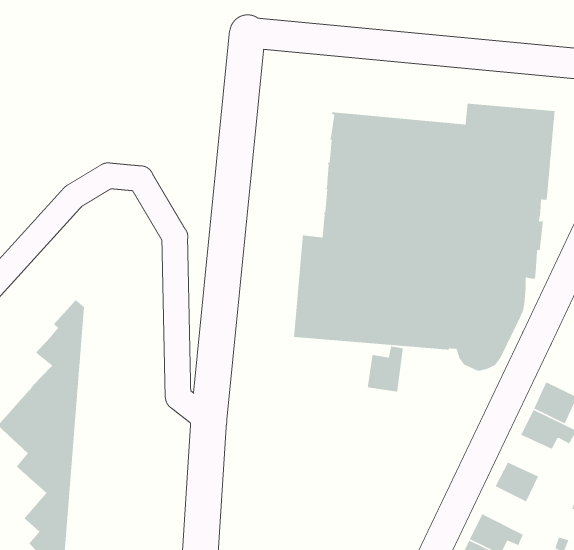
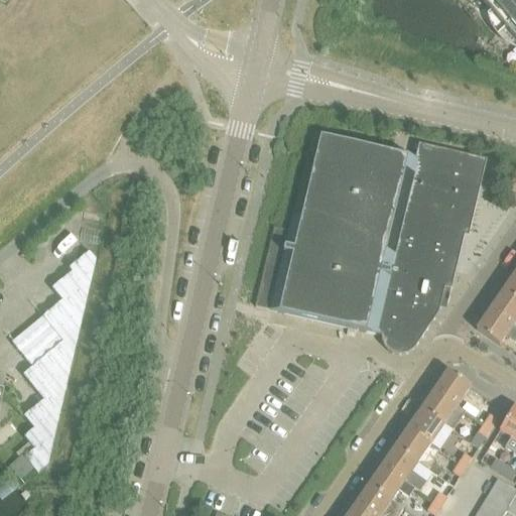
building: [367,346,404,392] -> none
building: none -> [409,406,445,440]
building: none -> [383,443,426,489]

